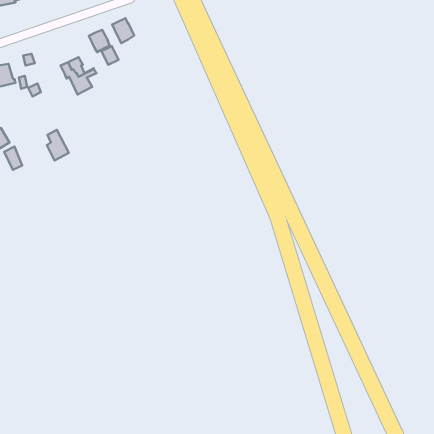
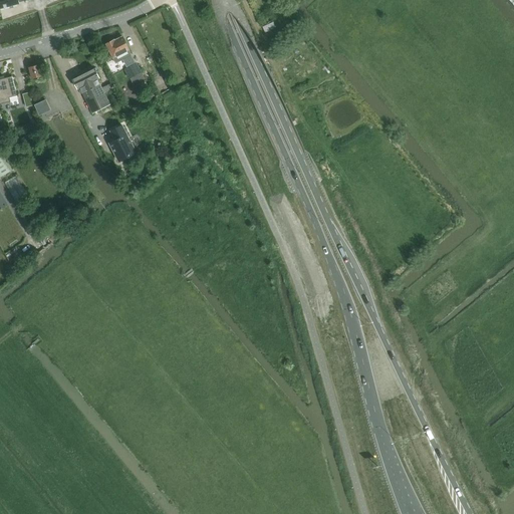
building: [112,18,134,43] -> none
building: [47,130,69,160] -> [108,123,135,160]

